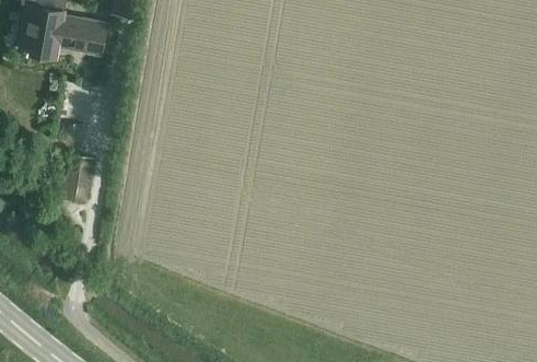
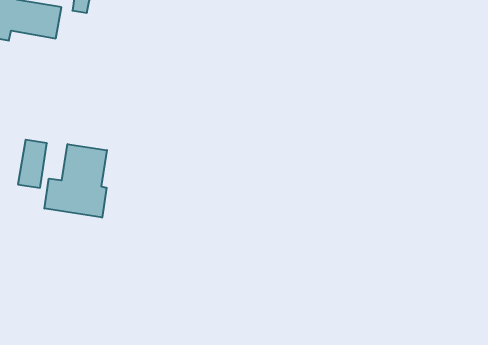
building: none -> [44,144,107,218]

